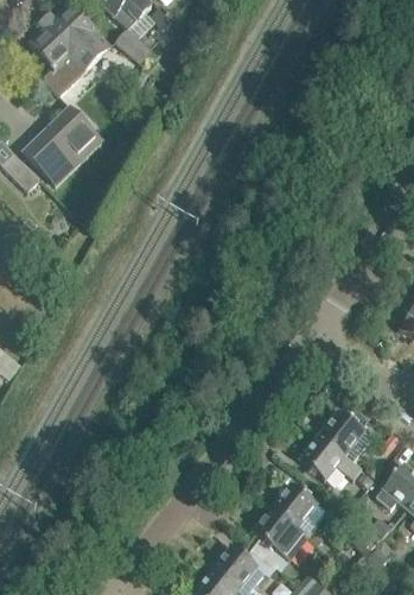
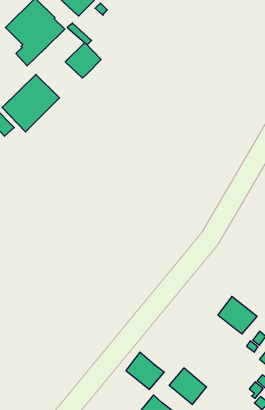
building: none -> [65,43,101,78]
building: [299,435,361,479] -> none
building: [273,482,325,533] -> [126,352,164,390]

